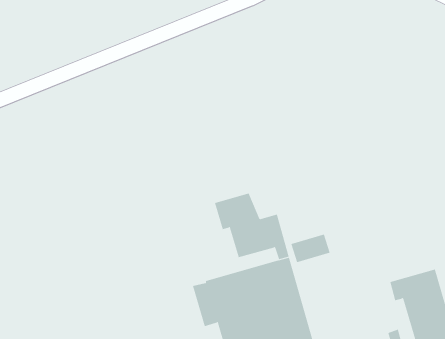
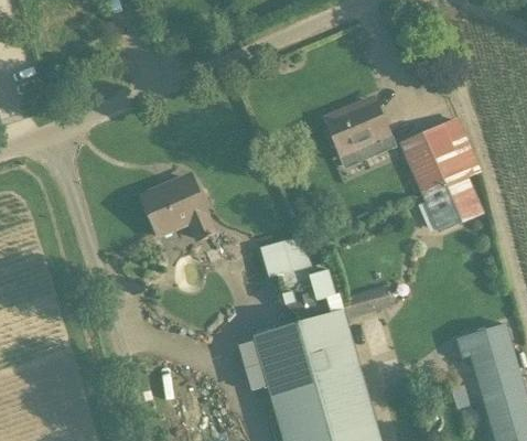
building: none -> [324,101,394,157]
building: none -> [402,120,478,230]
building: none -> [139,178,214,239]

